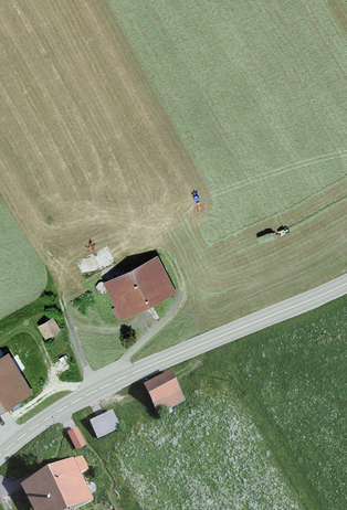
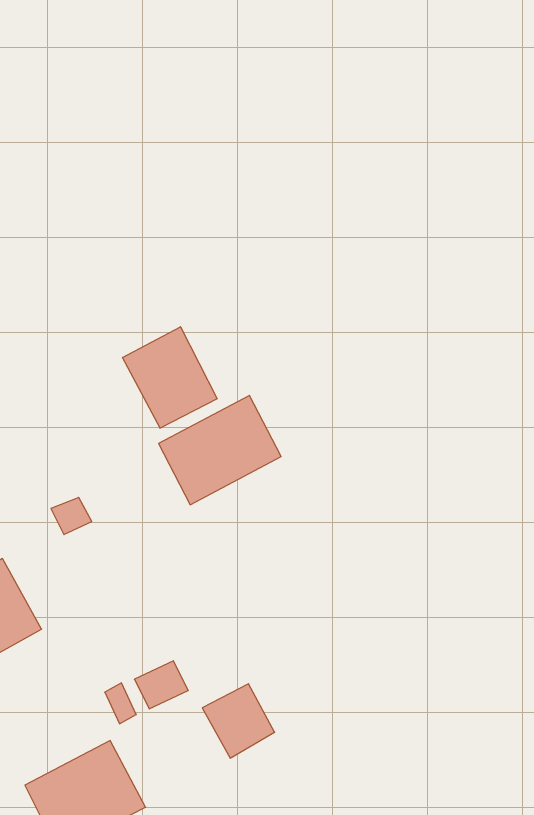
building: none -> [123,327,217,428]
building: [141,372,185,416] -> [202,684,275,758]

